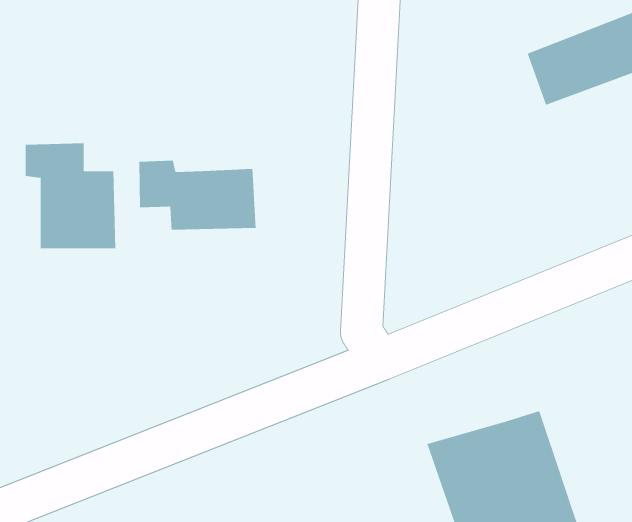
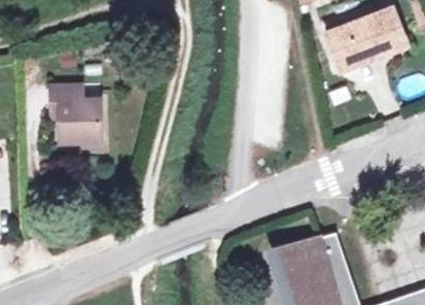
building: [139,160,256,231] -> none

